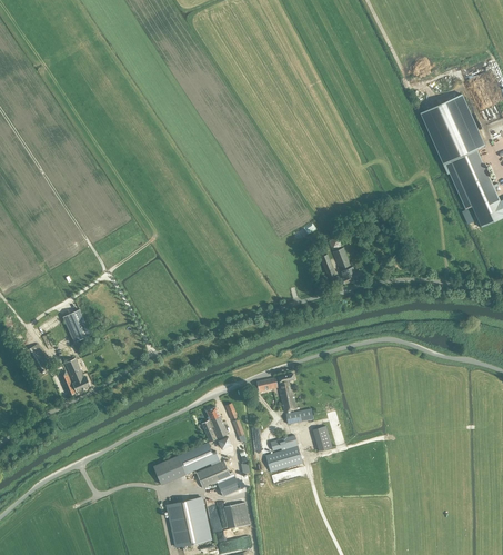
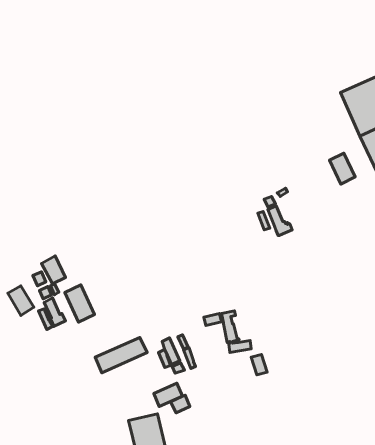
building: none -> [329,153,355,184]
building: none -> [65,285,95,322]
building: [265,435,303,472] -> none
building: [154,443,217,485] -> [95,338,147,373]
building: [224,502,250,528] -> none

